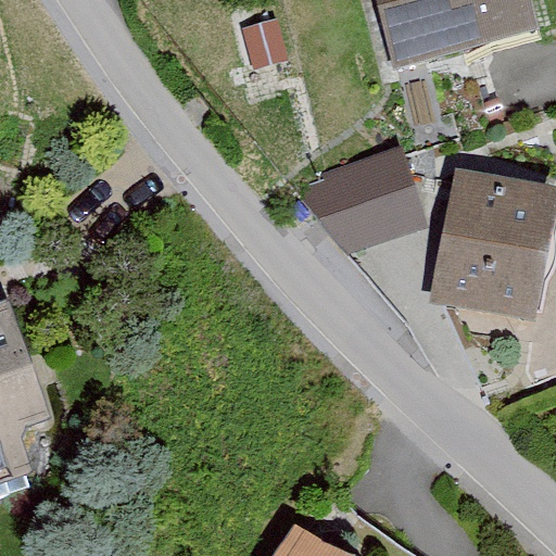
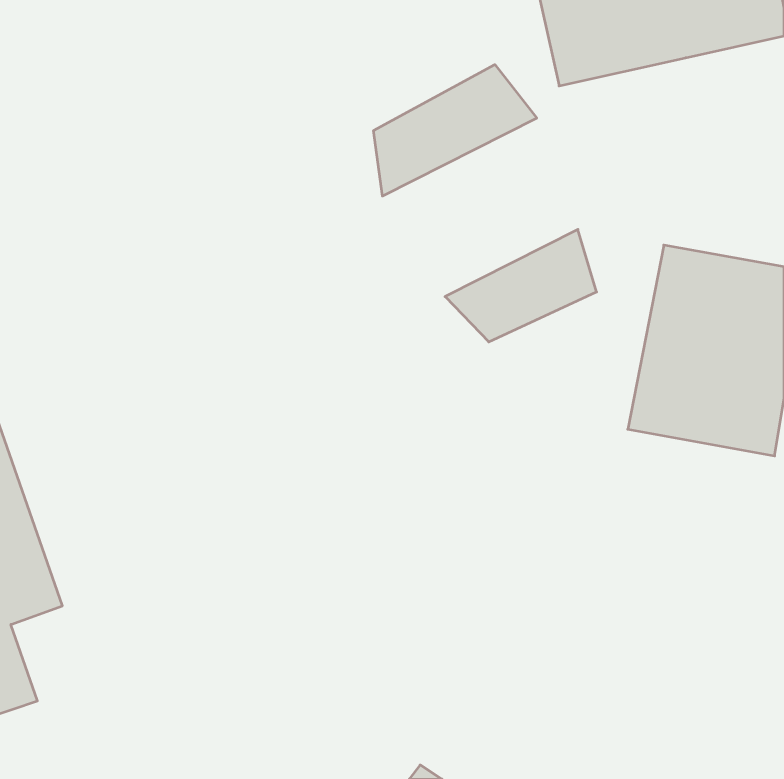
building: none -> [374,65,537,196]

